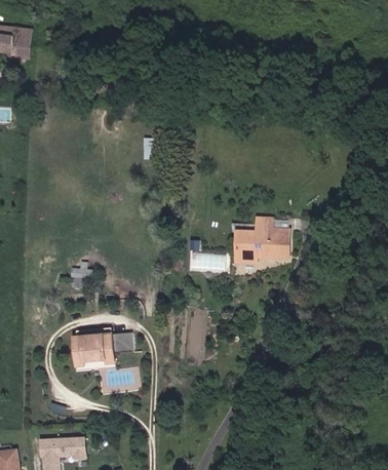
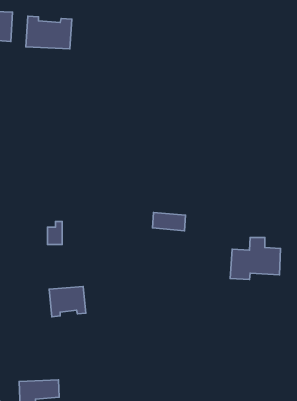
building: none -> [26,16,72,49]
building: [234,216,290,263] -> [230,237,280,279]
building: [112,331,133,351] -> none

